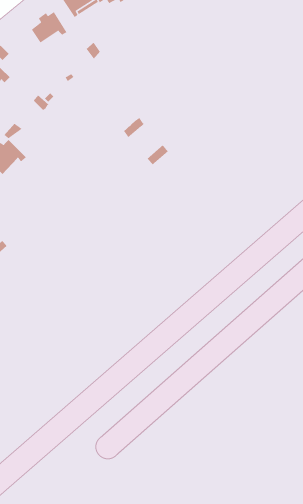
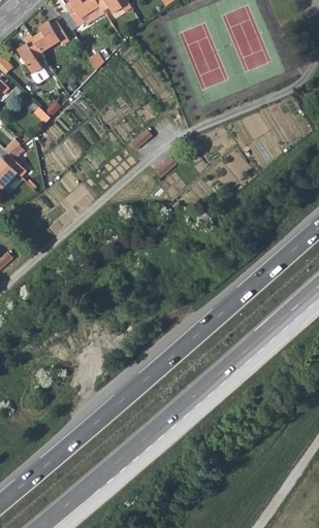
building: none -> [18,35,49,84]

